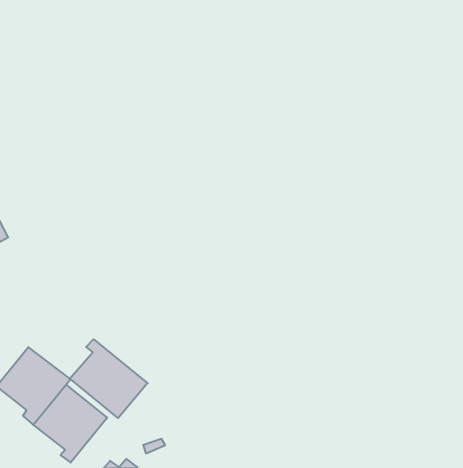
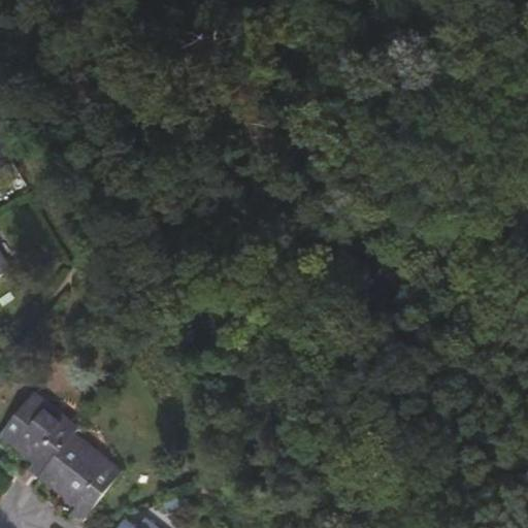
building: [70,339,148,418] -> none

